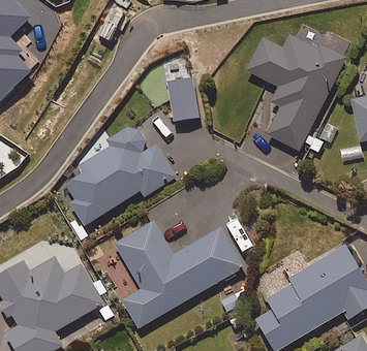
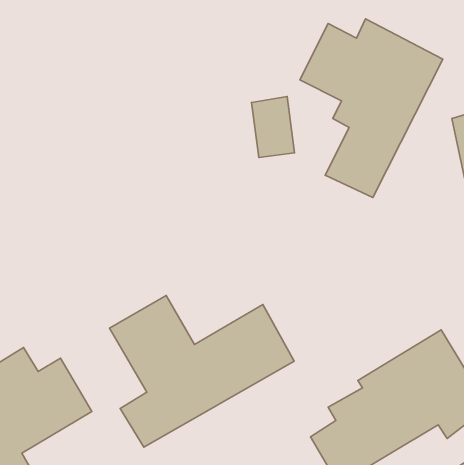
building: [169,78,198,121] -> [251,96,295,157]
building: [58,125,175,225] -> none

